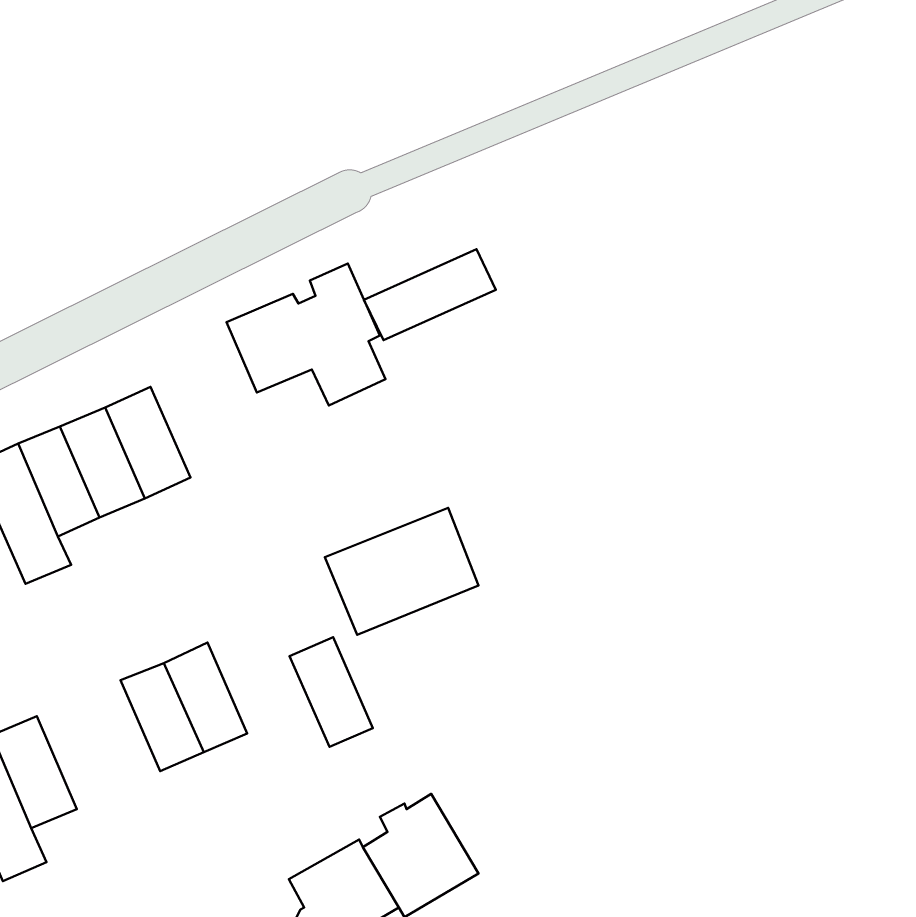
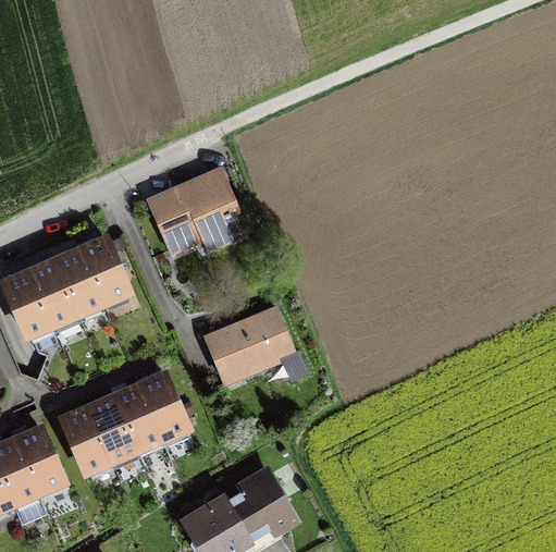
building: [364,249,496,340] -> none
building: [290,637,373,747] -> [138,373,186,437]
building: none -> [63,406,111,470]

